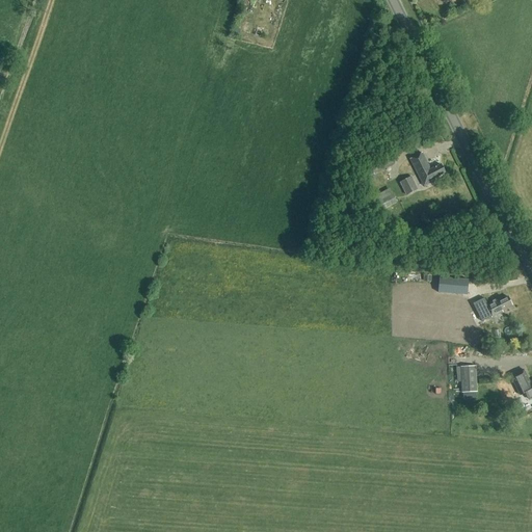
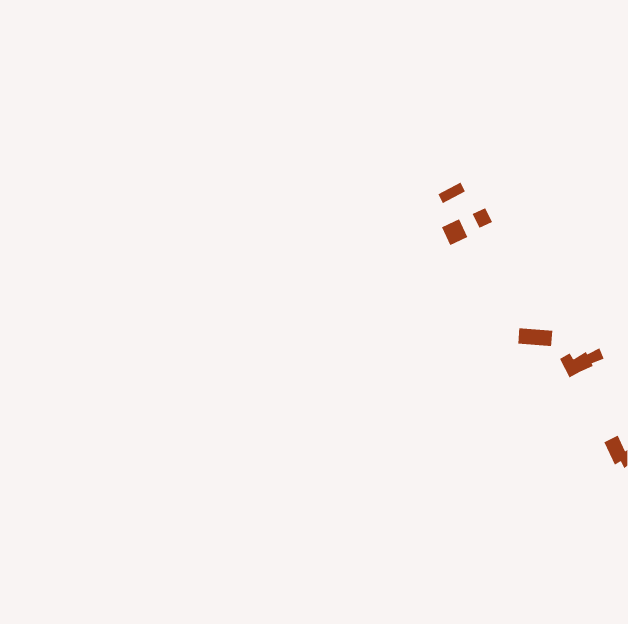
building: [409,152,445,184] -> none
building: [460,363,477,391] -> none

